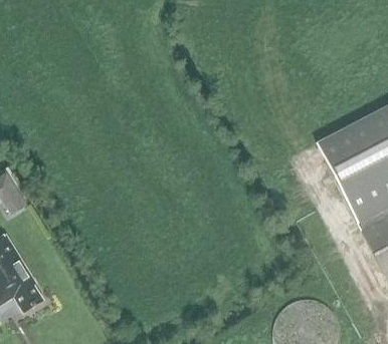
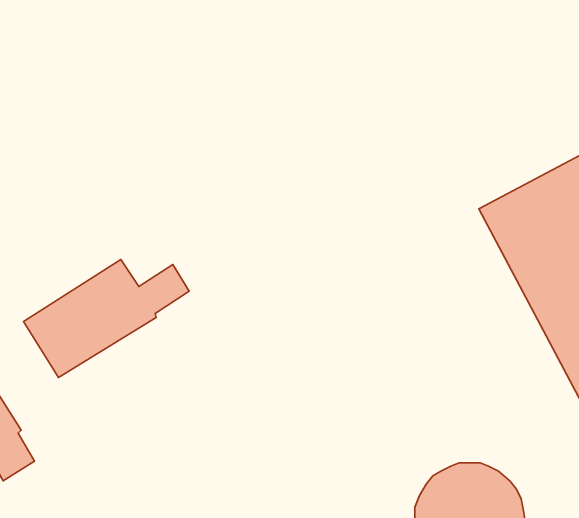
building: none -> [24,259,189,378]

